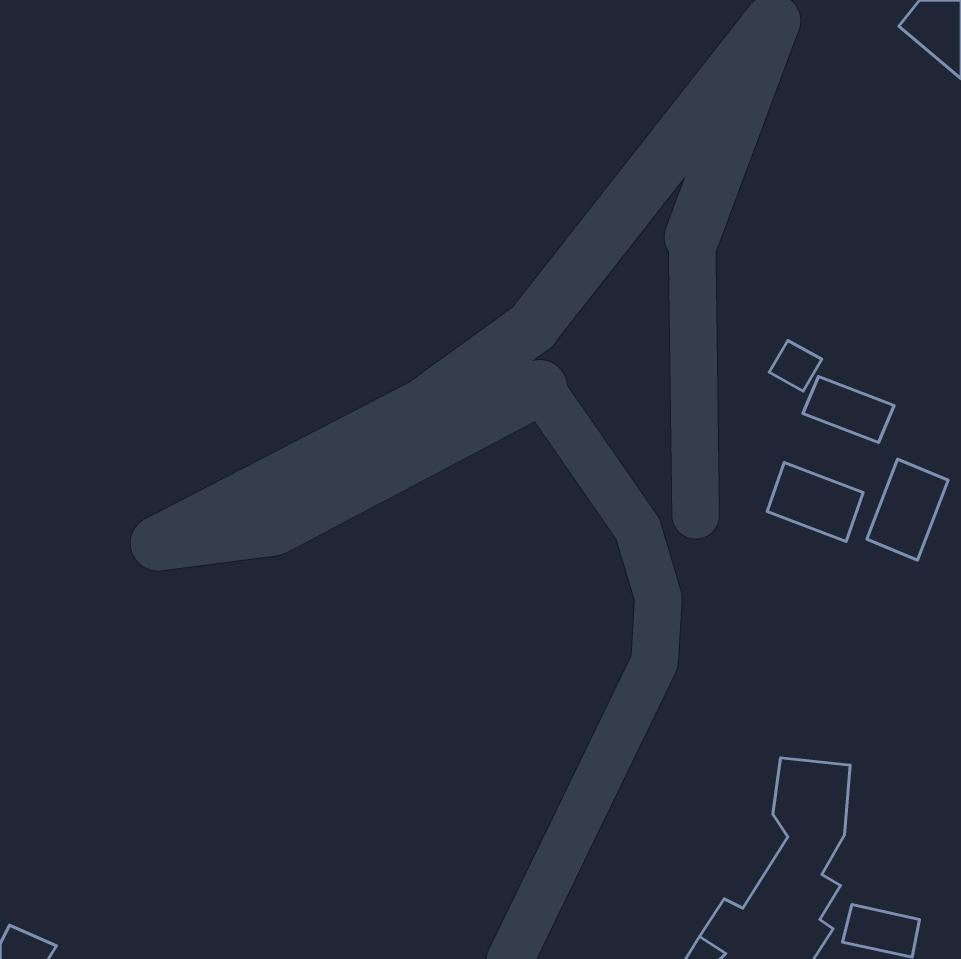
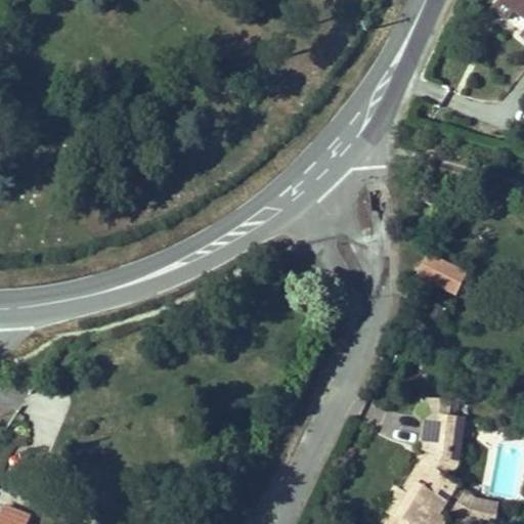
building: [803,377,894,442] -> none
building: [867,459,948,560] -> none

